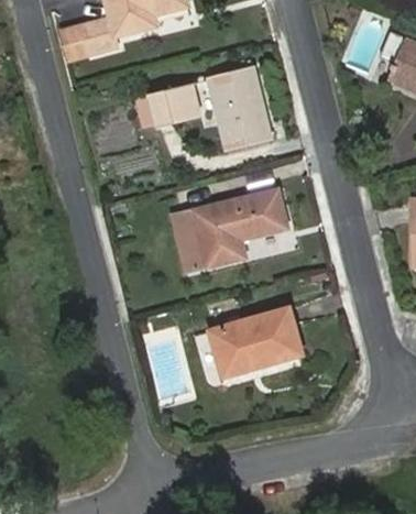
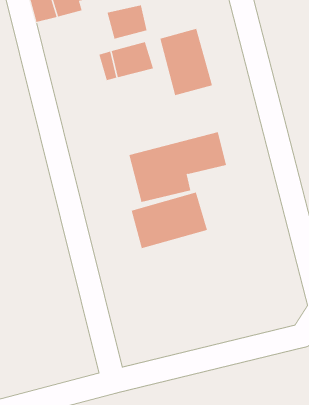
building: none -> [107,4,147,40]
building: [214,308,304,375] -> [131,192,208,249]

